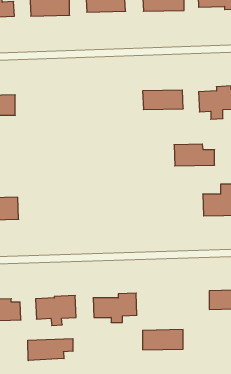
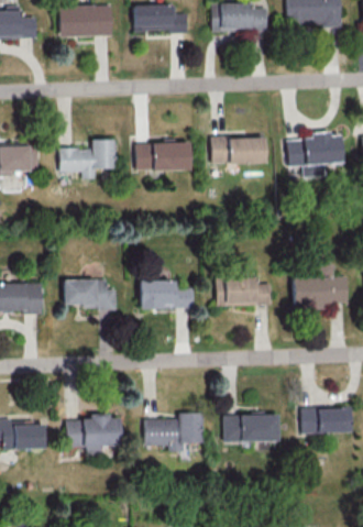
building: none -> [59,140,116,178]
building: none -> [135,142,191,172]
building: [174,144,215,166] -> [216,276,271,306]
building: none -> [64,279,117,310]
building: none -> [140,281,194,309]
building: [143,330,183,350] -> [223,415,278,442]
building: [28,339,73,361] -> none

